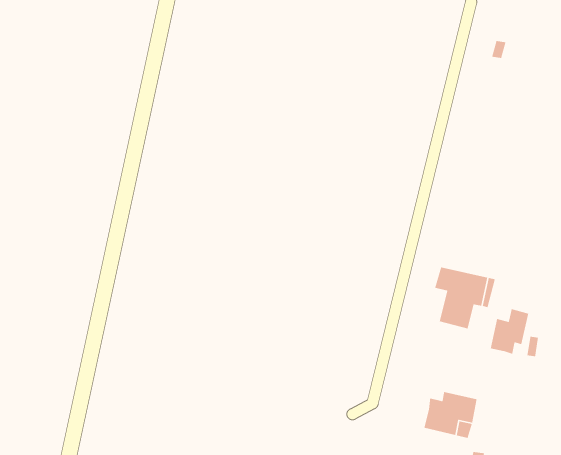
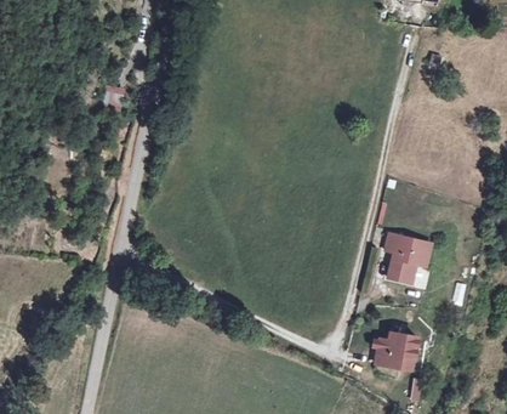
building: [490,308,529,355] -> none

